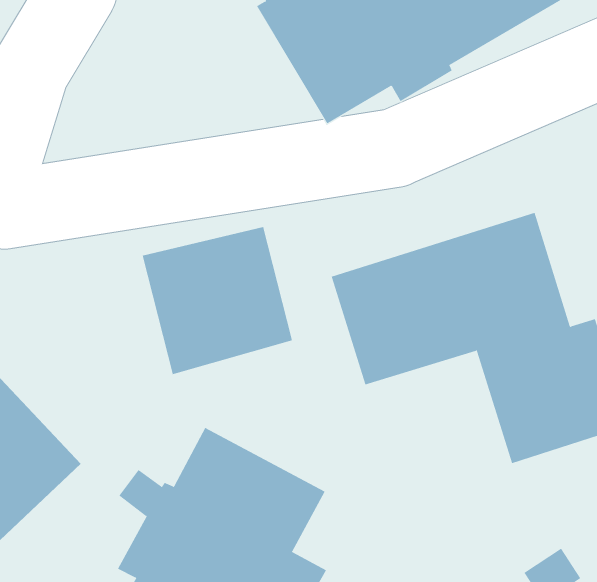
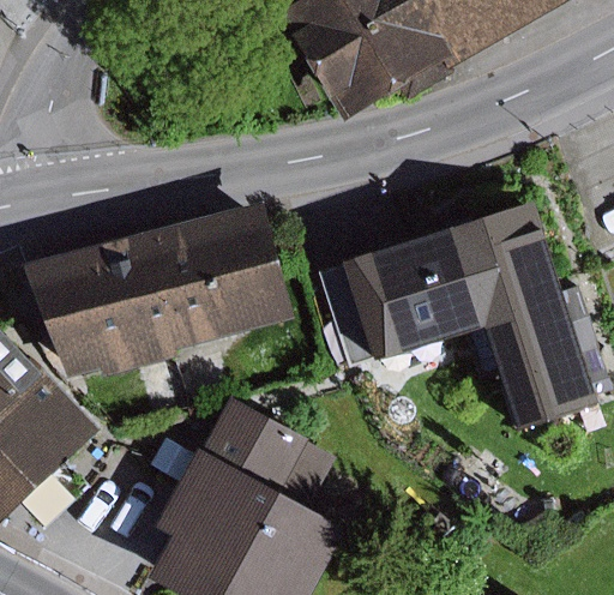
building: none -> [49,239,192,377]

